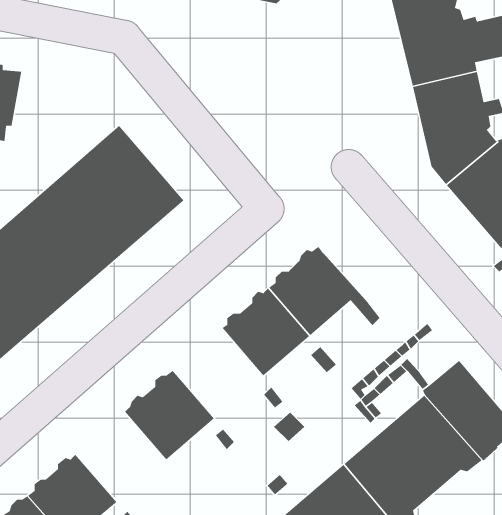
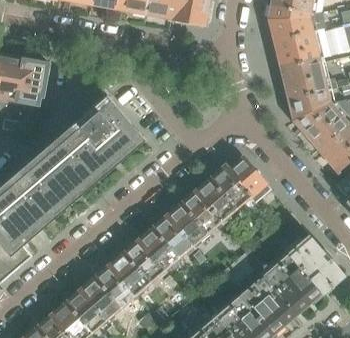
building: none -> [229,162,270,201]
building: none -> [139,216,193,270]
building: none -> [81,266,135,320]

